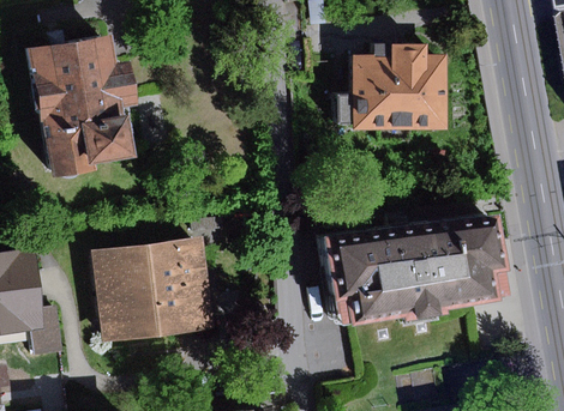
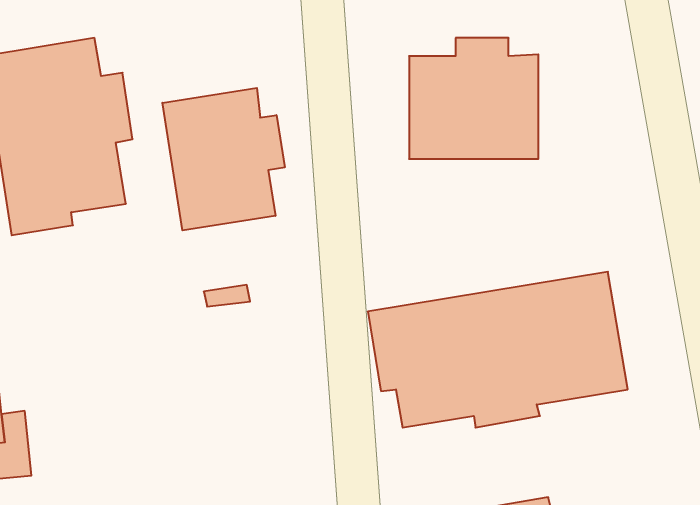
building: none -> [162,88,285,230]
building: [86,237,204,340] -> none

